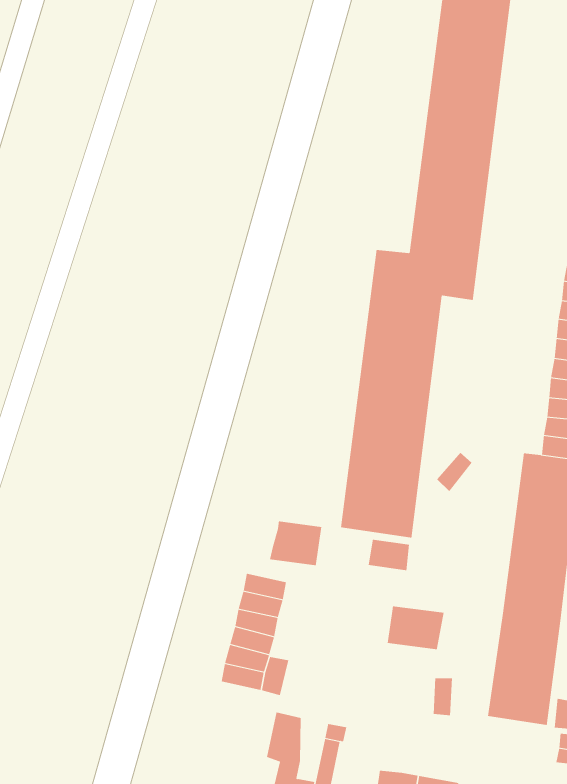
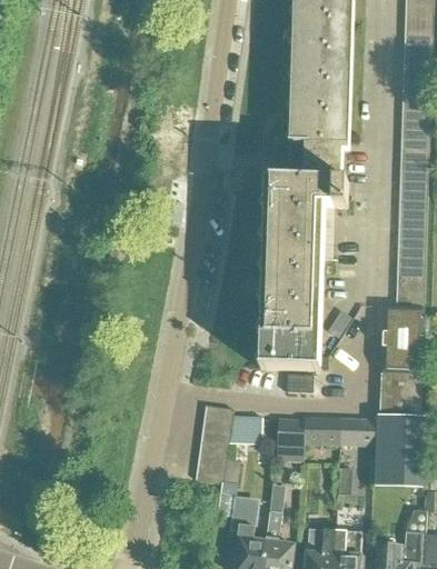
building: [269,521,322,566] -> [229,416,262,443]
building: none -> [277,419,306,448]
building: none -> [339,419,375,446]

